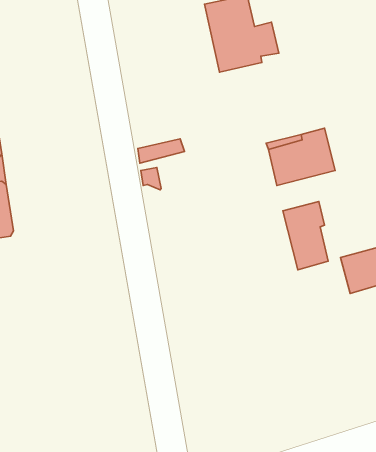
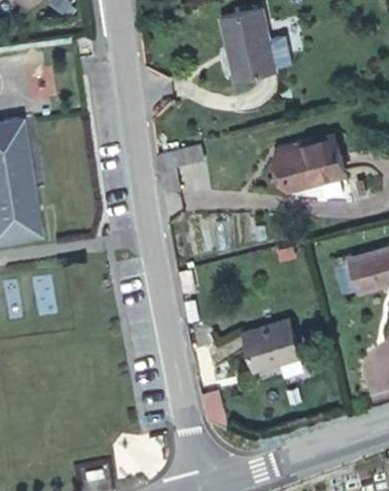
building: [283,202,328,270] -> none
building: none -> [244,321,300,371]

